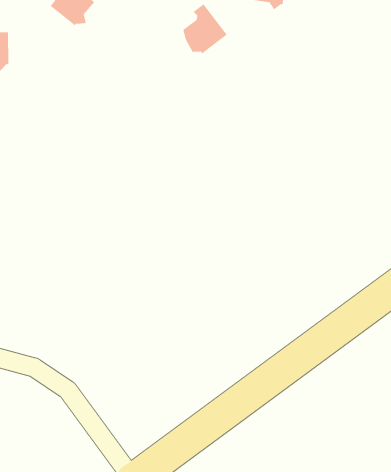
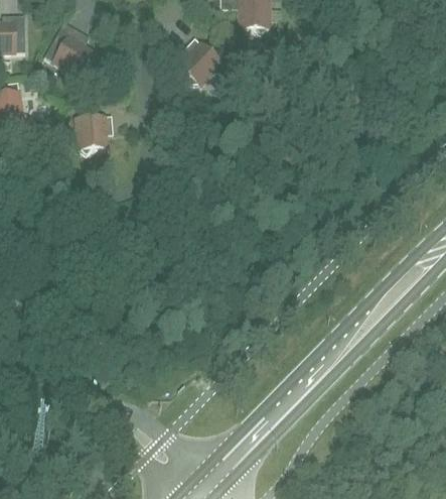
building: none -> [76,113,113,151]

